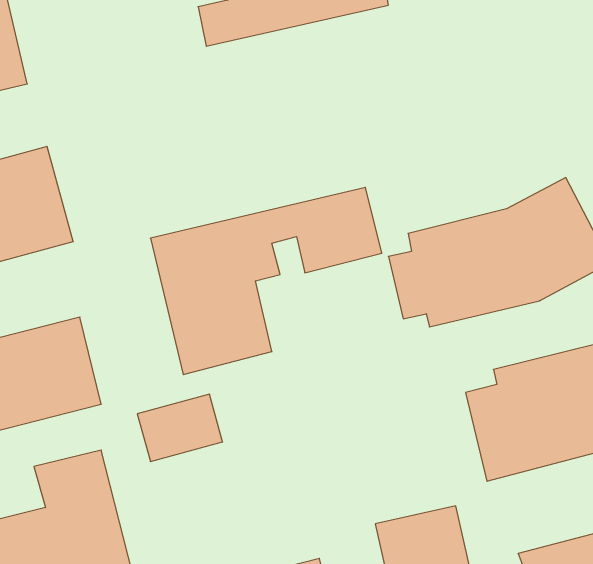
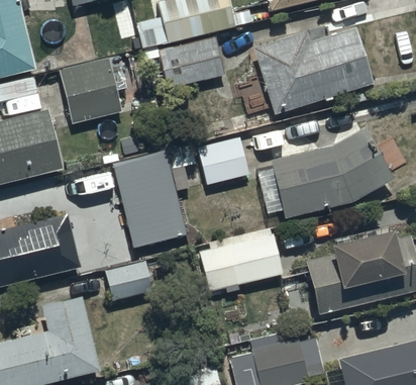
building: none -> [254,28,373,113]
building: none -> [145,35,227,88]
building: none -> [60,62,123,124]
building: none -> [198,227,284,292]

